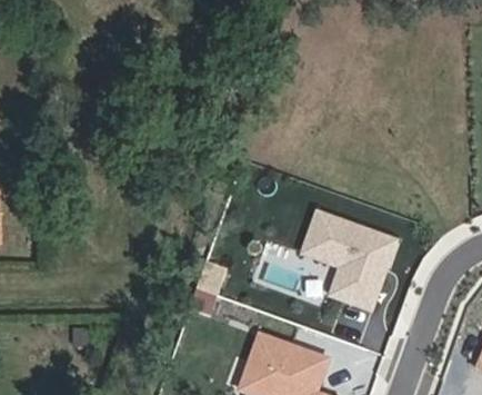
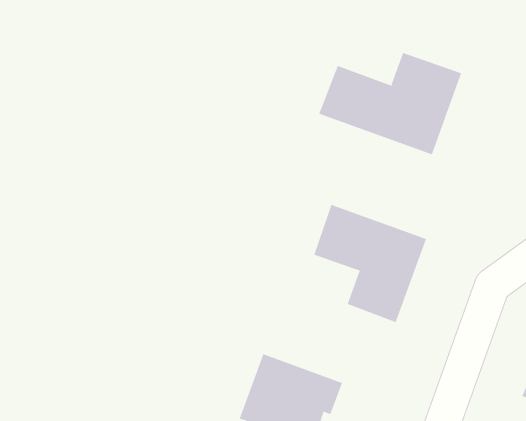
building: none -> [319,52,462,155]

